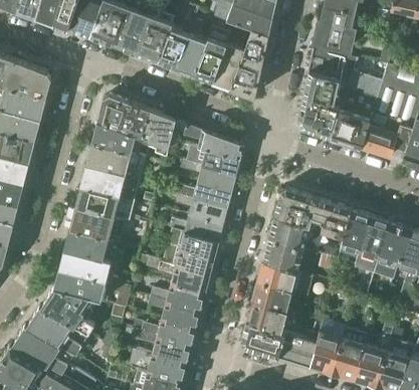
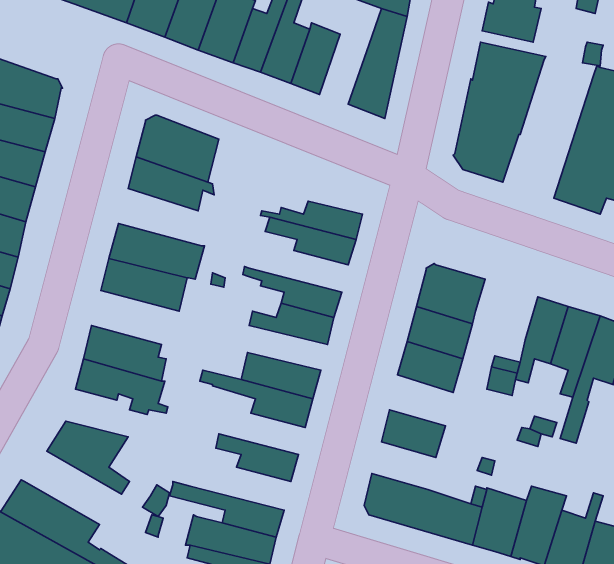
building: [213,43,244,87] -> none
building: [329,59,386,147] -> none
building: [143,110,175,153] -> none
building: [183,123,242,157] -> none
building: [86,141,145,177] -> none
building: [169,180,231,206] -> none
building: [311,198,351,236] -> none
building: [69,205,125,240] -> none
building: [167,227,218,255] -> none
building: [257,258,297,290] -> none
building: [53,267,131,308] -> none
building: [150,282,204,309] -> none
building: [246,301,286,331] -> none
building: [27,306,88,353] -> none
building: [132,317,195,344] -> none

